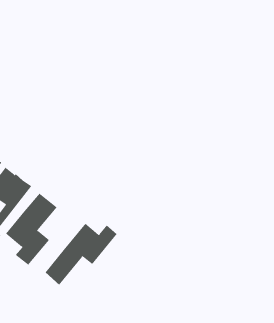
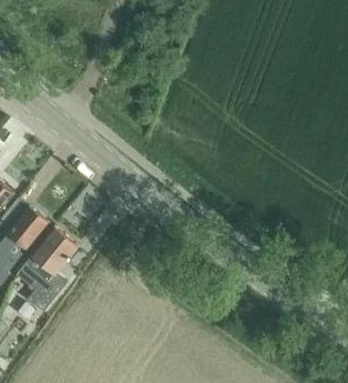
building: [45,223,117,285] -> none

